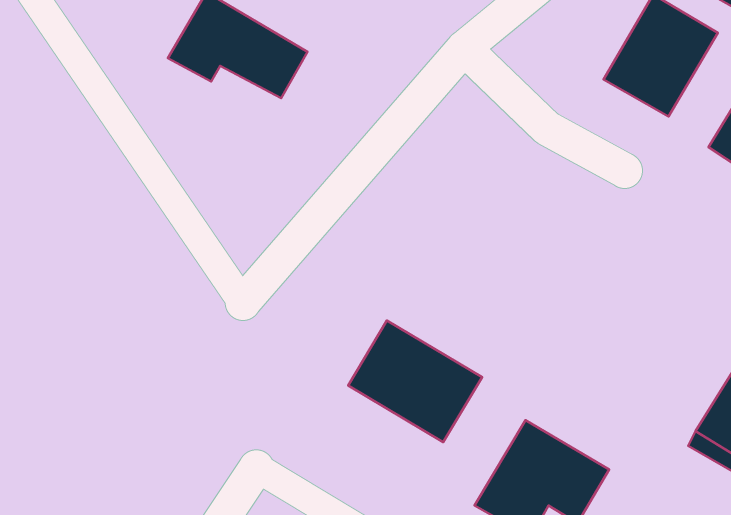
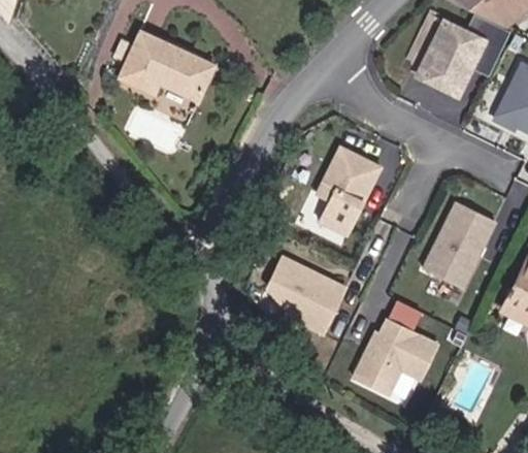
building: none -> [304,142,387,237]
building: none -> [423,199,499,287]

